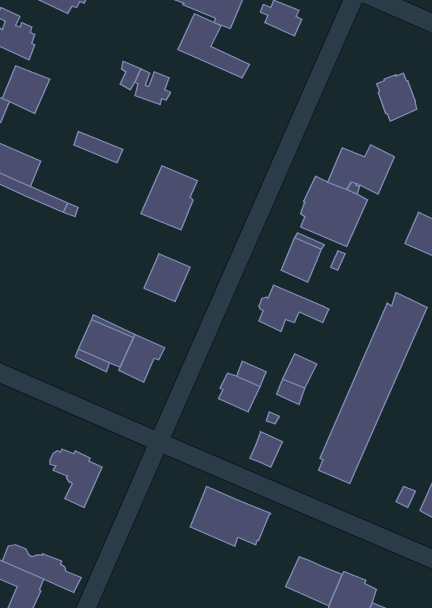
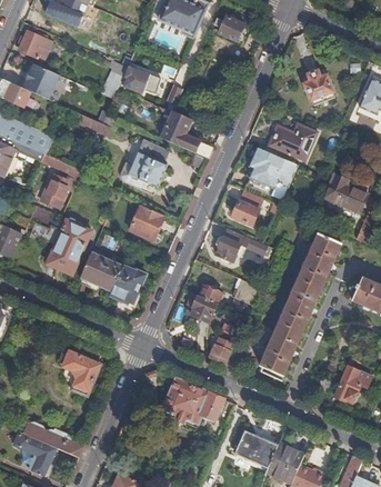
building: [178,14,250,78] -> [161,110,214,158]
building: none -> [39,173,70,209]
building: none -> [47,219,91,274]

